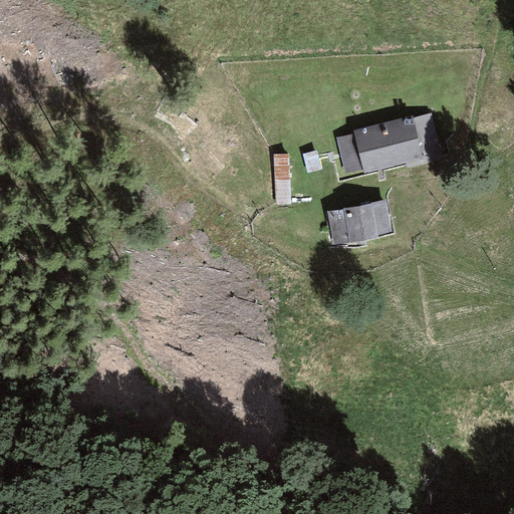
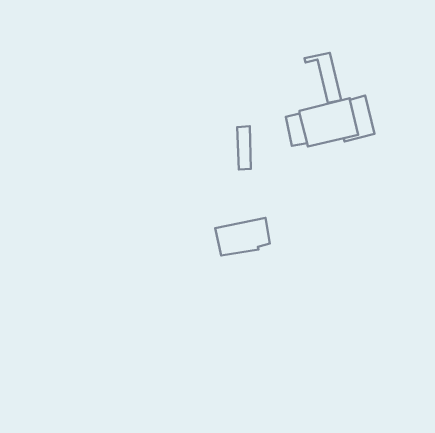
building: none -> [304,53,341,103]
building: [326,200,391,244] -> [215,218,270,255]

